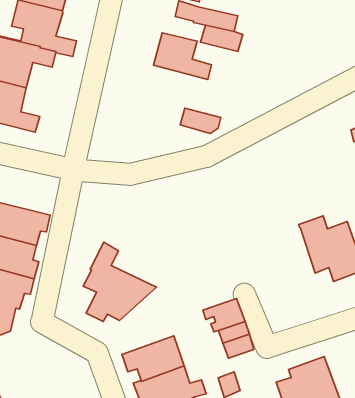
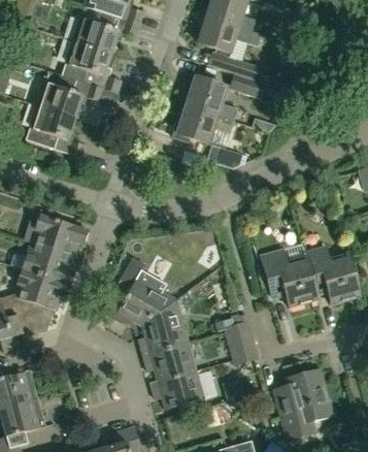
building: none -> [172,105,233,143]
building: none -> [262,250,316,306]
building: none -> [138,299,189,356]

